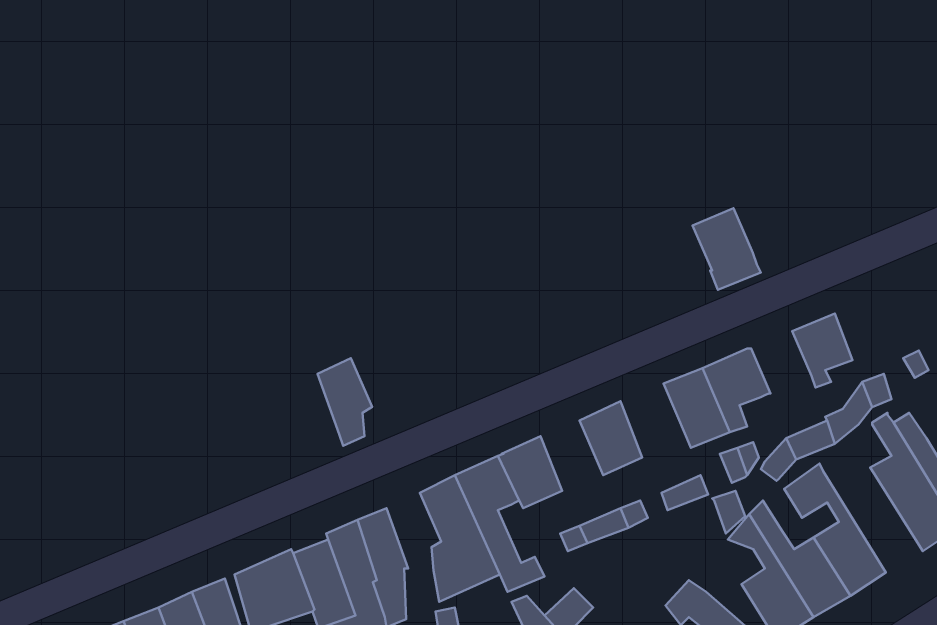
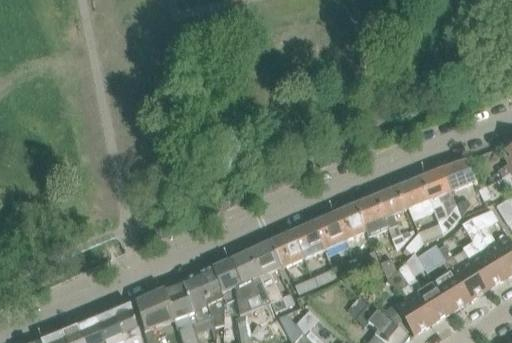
building: [693,208,761,290] -> [400,175,435,217]
building: none -> [443,158,476,190]
building: [318,358,372,446] -> [213,258,241,303]
building: none -> [333,202,367,240]
building: none -> [292,221,324,257]
building: none -> [437,242,488,299]

